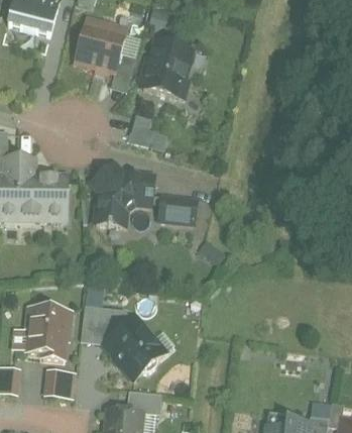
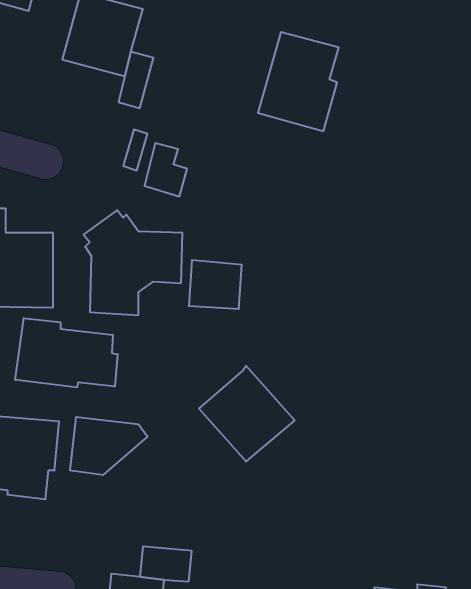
building: [138,40,192,106] -> [258,32,339,131]
building: none -> [15,318,118,387]
building: [102,313,165,376] -> [199,366,295,462]
building: [43,366,76,396] -> none

